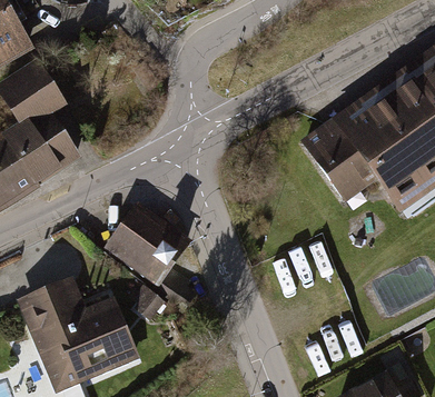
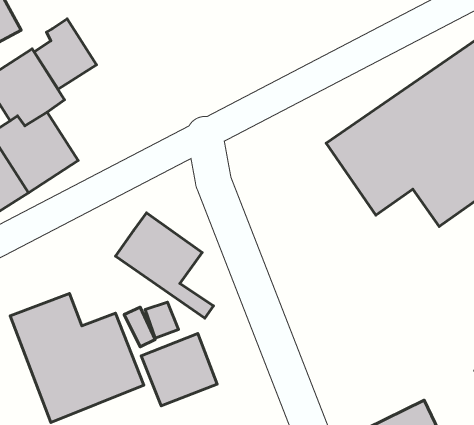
building: none -> [34,19,97,89]
building: none -> [141,334,217,406]

